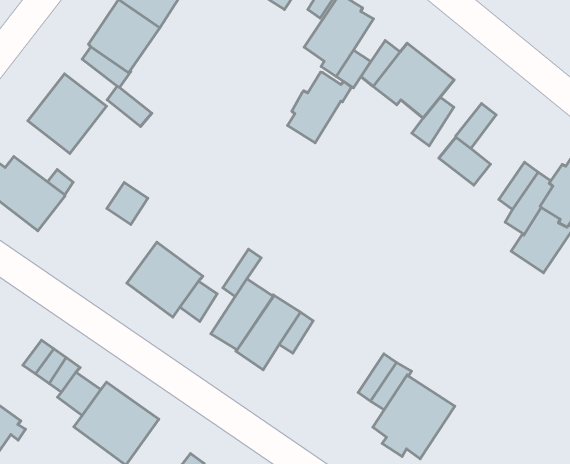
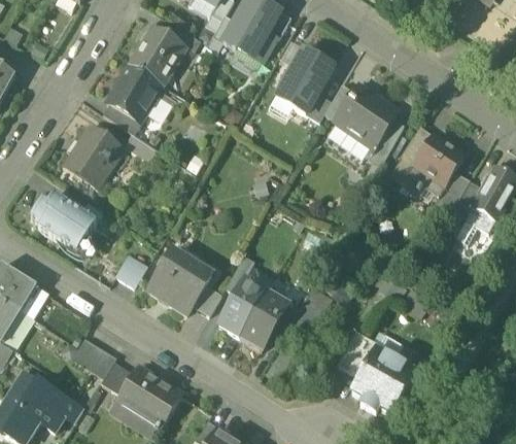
building: [288,72,352,143] -> none
building: none -> [415,135,465,184]
building: [107,182,148,224] -> [115,252,147,285]

